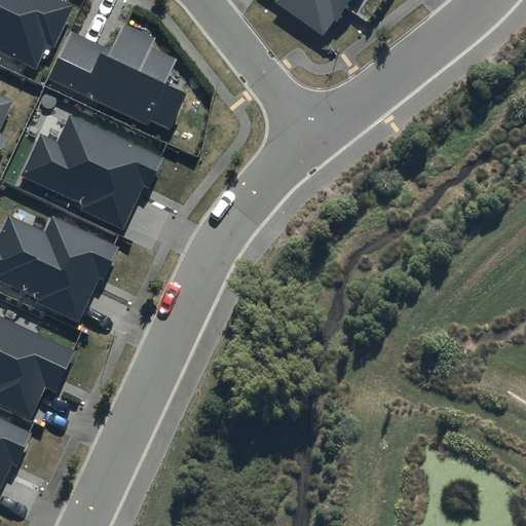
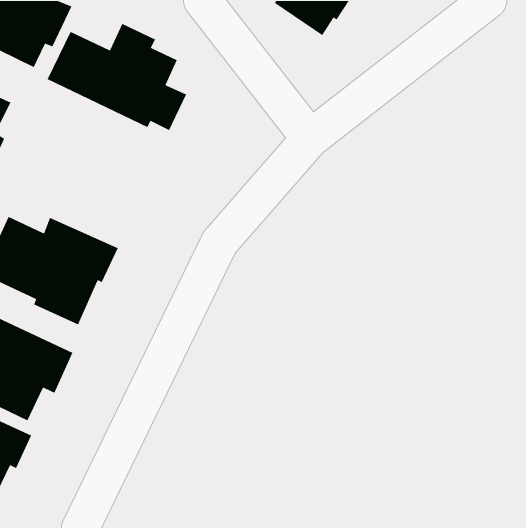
building: [18,115,162,229] -> none

